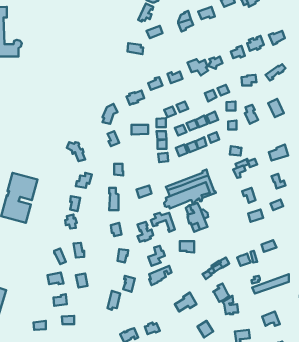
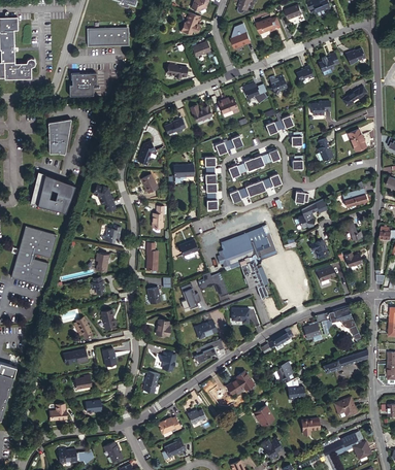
building: none -> [86,31,126,47]
building: none -> [69,74,97,98]
building: none -> [48,120,71,155]
building: none -> [30,172,73,211]

